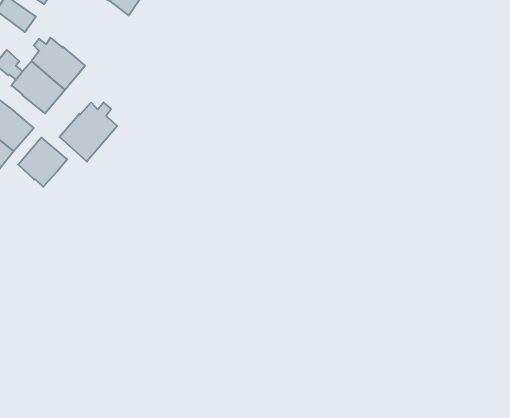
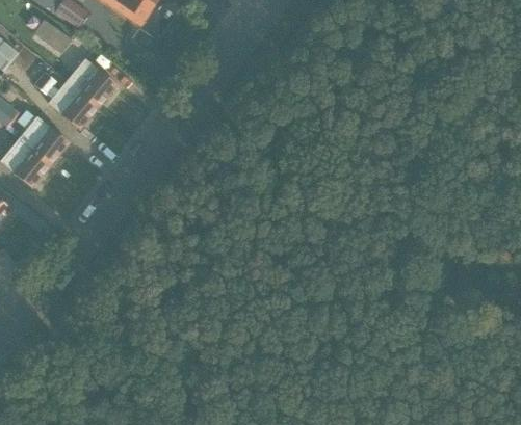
building: [59,102,117,162] -> none
building: [18,138,67,187] -> none

